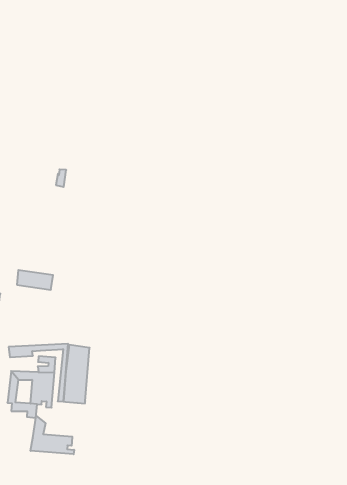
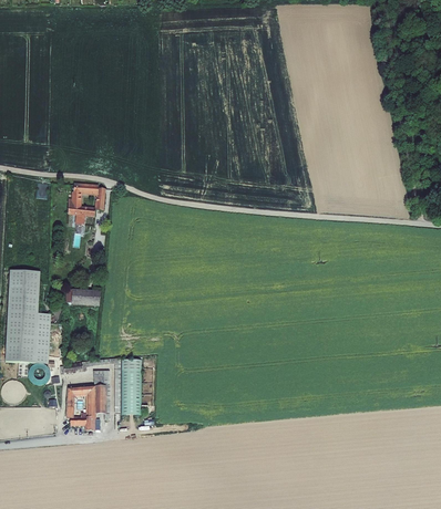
building: none -> [68,185,94,225]
building: [31,416,74,454] -> none

